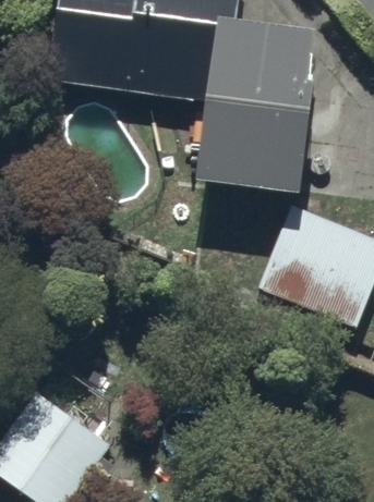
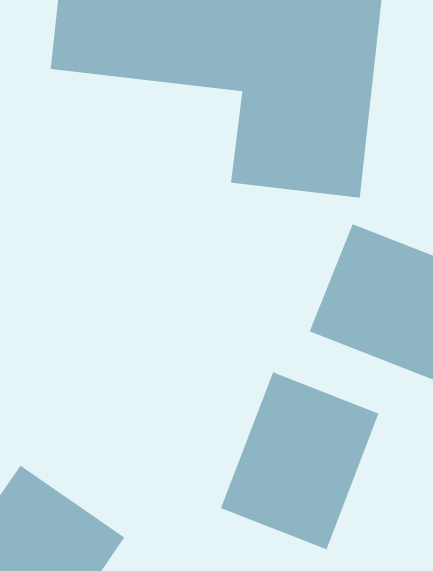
building: none -> [220,371,379,550]

